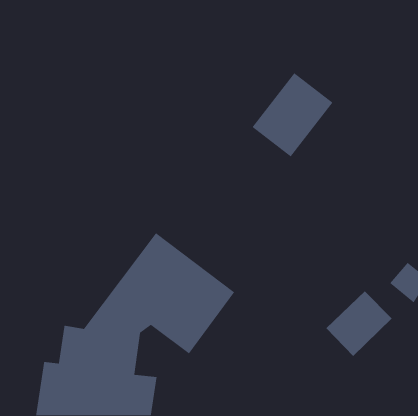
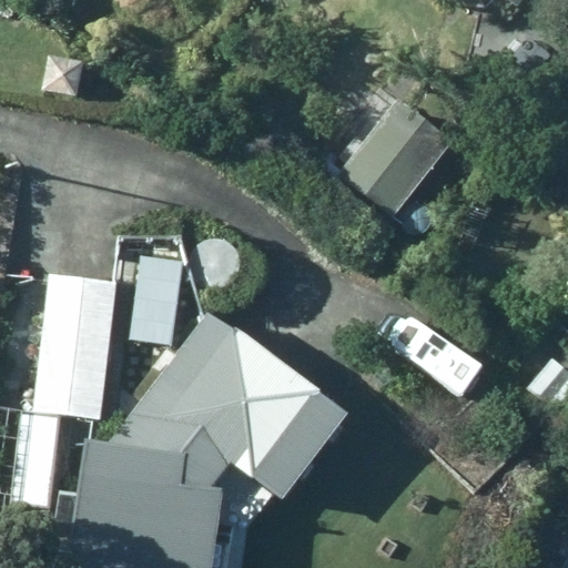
building: none -> [16,273,115,508]

